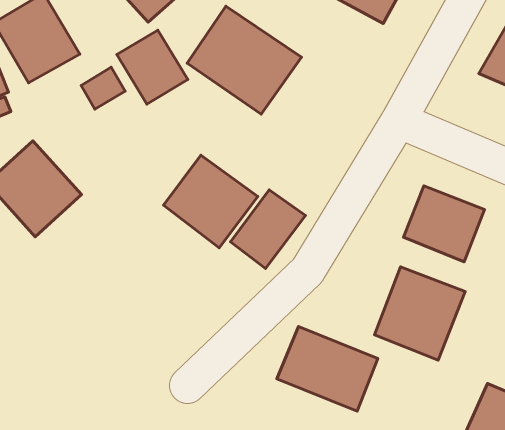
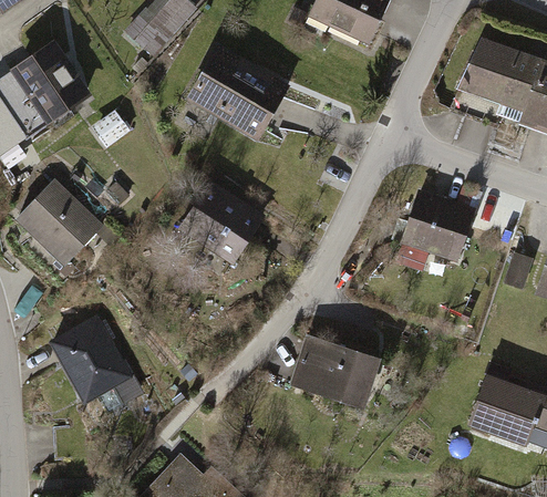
building: [117,30,188,104] -> none
building: [230,190,305,269] -> none
building: [374,267,465,360] -> none
building: none -> [47,318,138,423]

